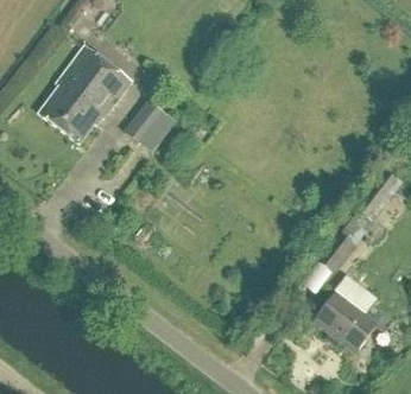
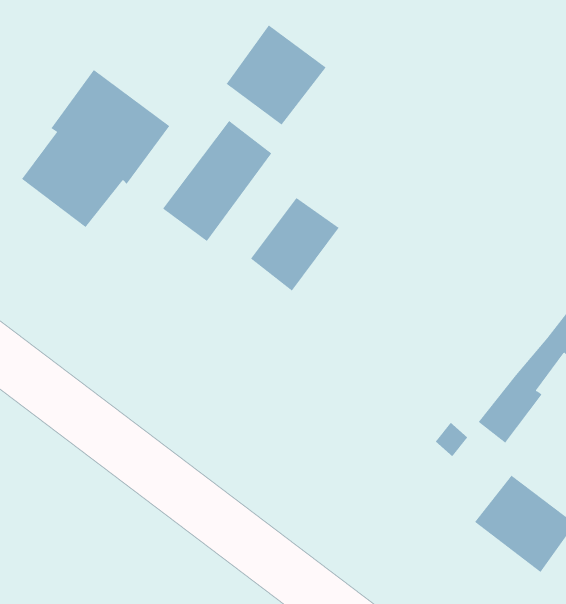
building: none -> [226,25,326,126]
building: none -> [250,197,339,292]

